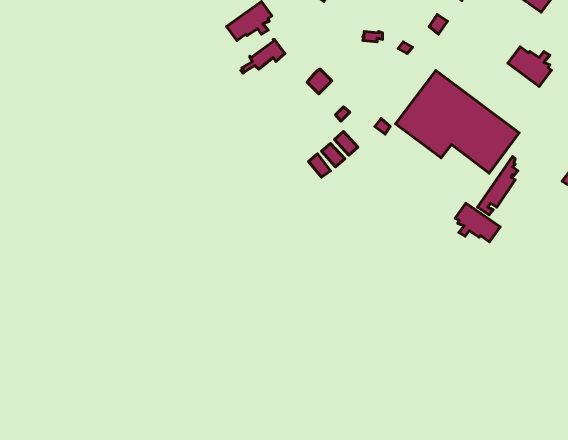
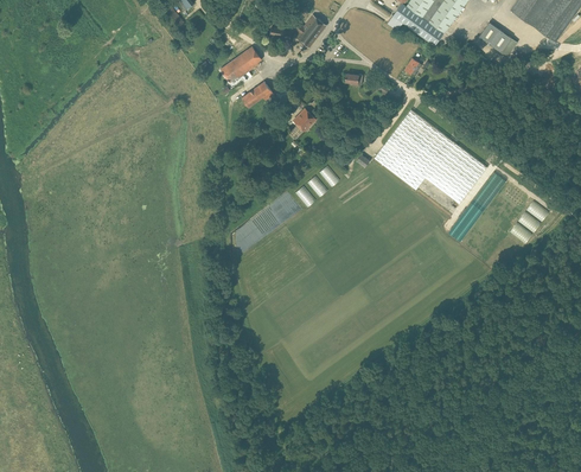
building: [508,47,552,87] -> none
building: [455,203,500,242] -> none

